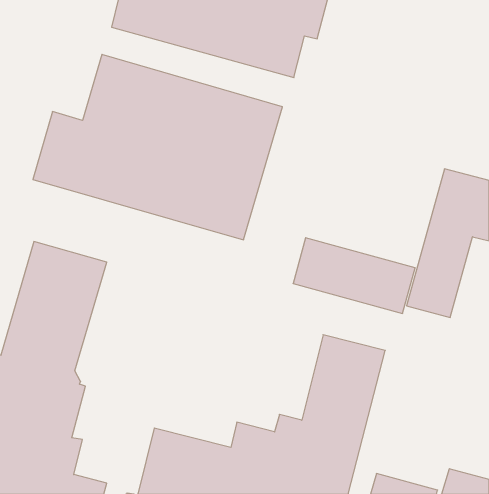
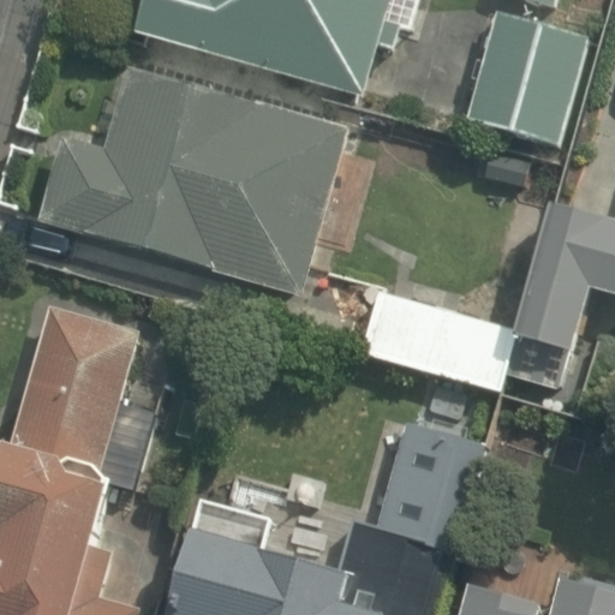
building: none -> [468,14,591,147]

